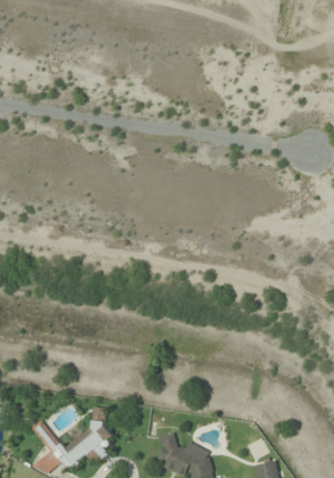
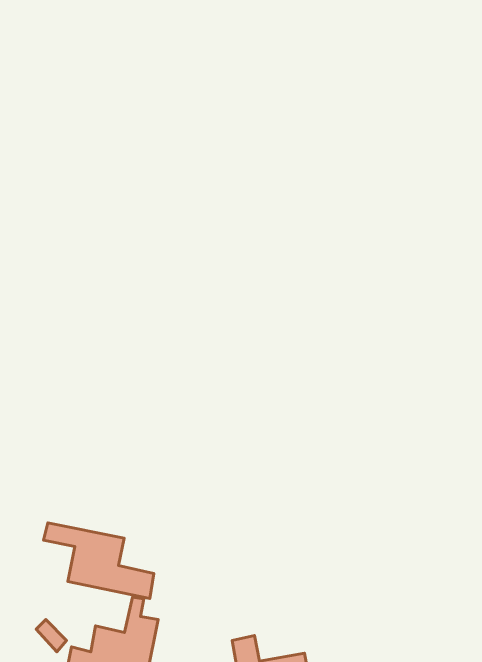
building: none -> [43,523,154,598]

